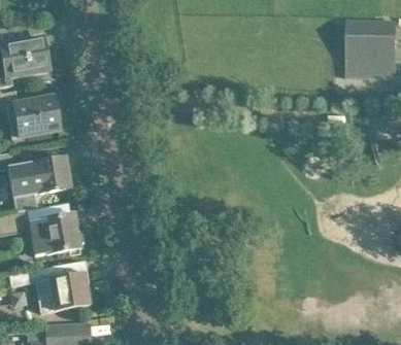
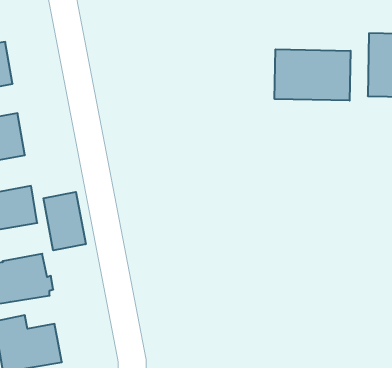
building: none -> [275,49,351,101]
building: none -> [43,192,86,250]

